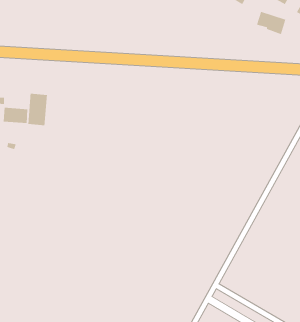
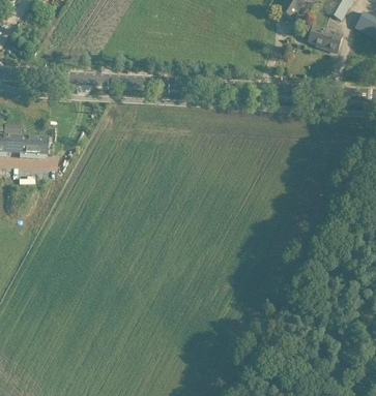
building: [28,93,47,126] -> none

